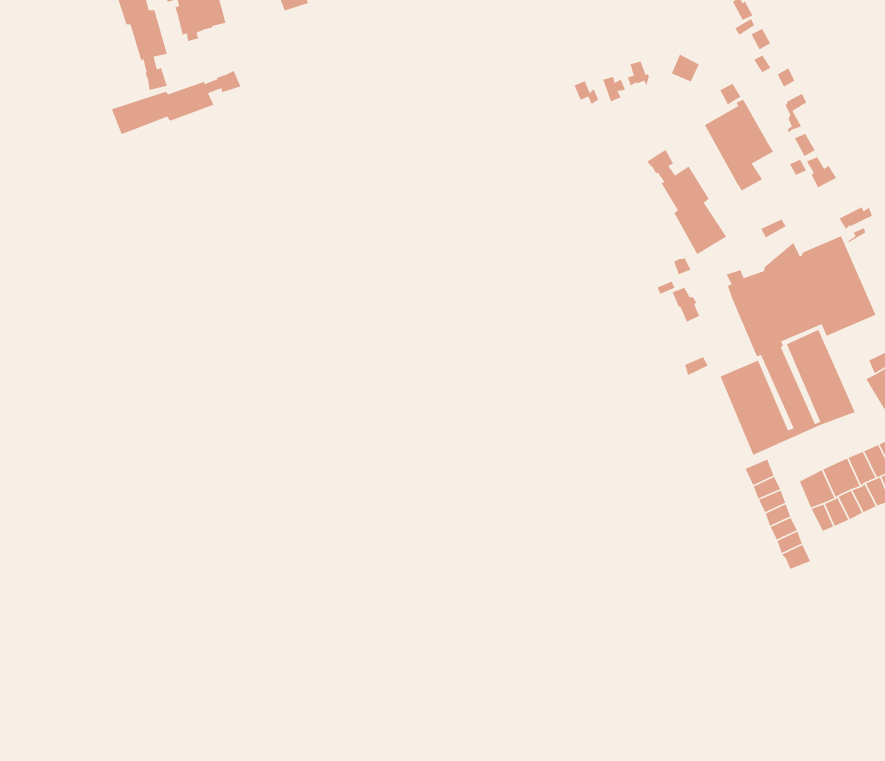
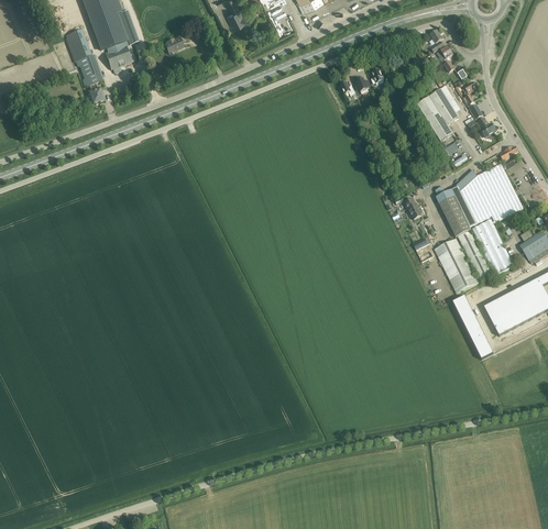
building: [111,70,241,135] -> none
building: [646,149,727,255] -> none

